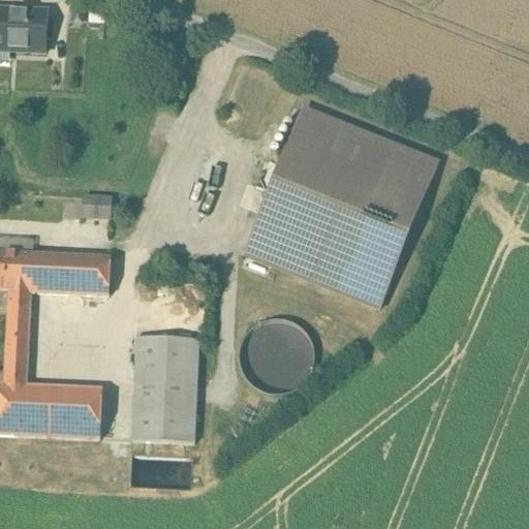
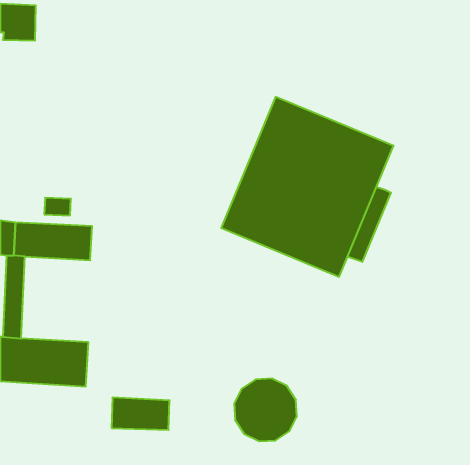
building: [77,191,107,211] -> [44,198,71,215]
building: none -> [347,187,391,262]
building: [246,322,316,393] -> [234,379,297,441]
building: [128,333,195,437] -> none

